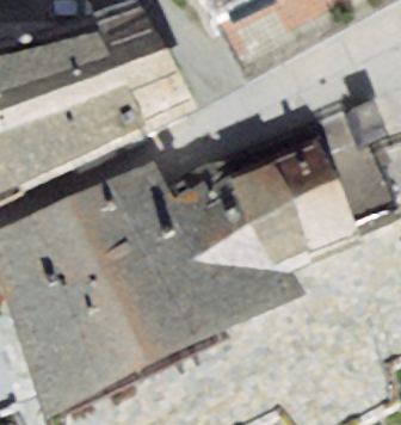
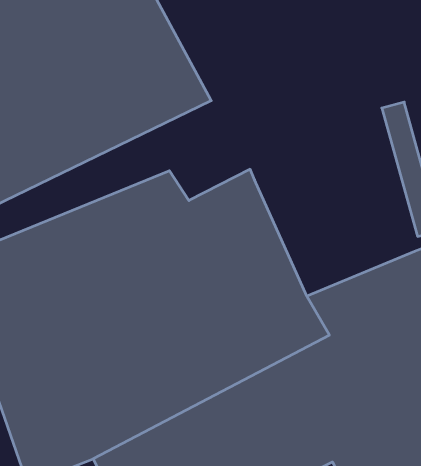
building: [230,134,358,264] -> none

